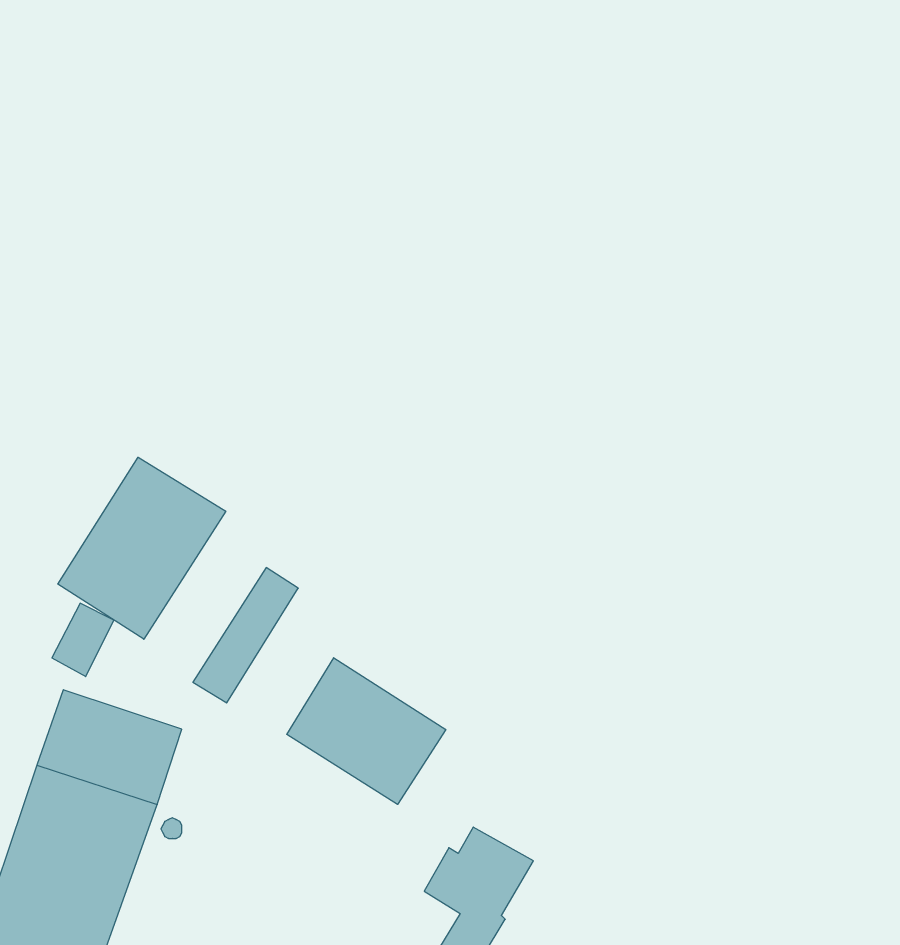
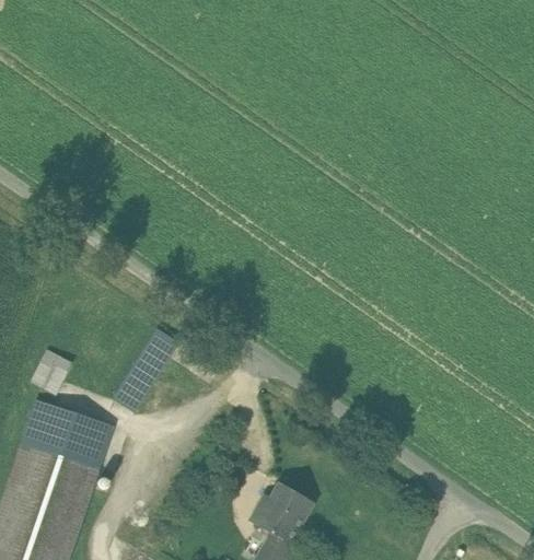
building: [58,457,226,639] -> none
building: [287,658,446,804] -> none

